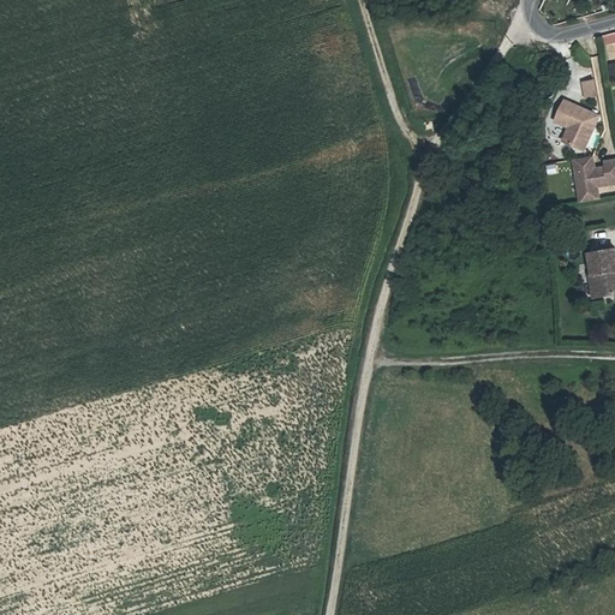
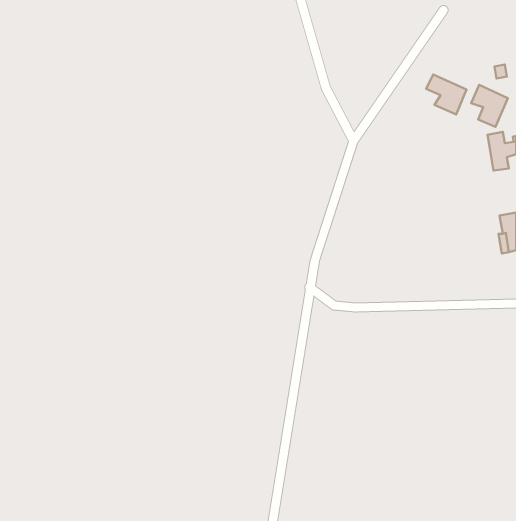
building: none -> [426,74,467,114]

